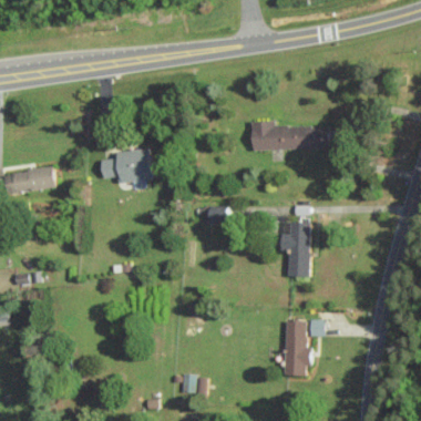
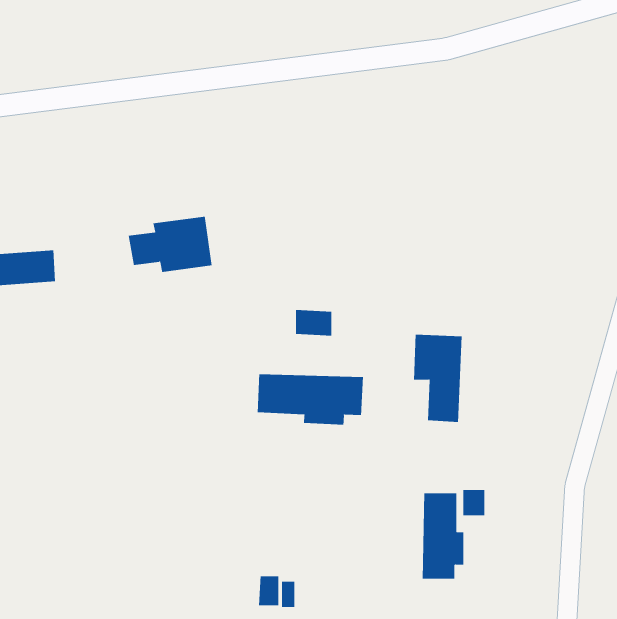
building: [250,122,327,151] -> none
building: none -> [257,374,363,425]

